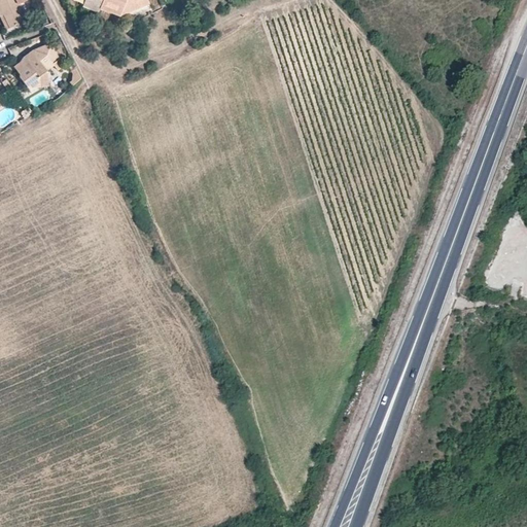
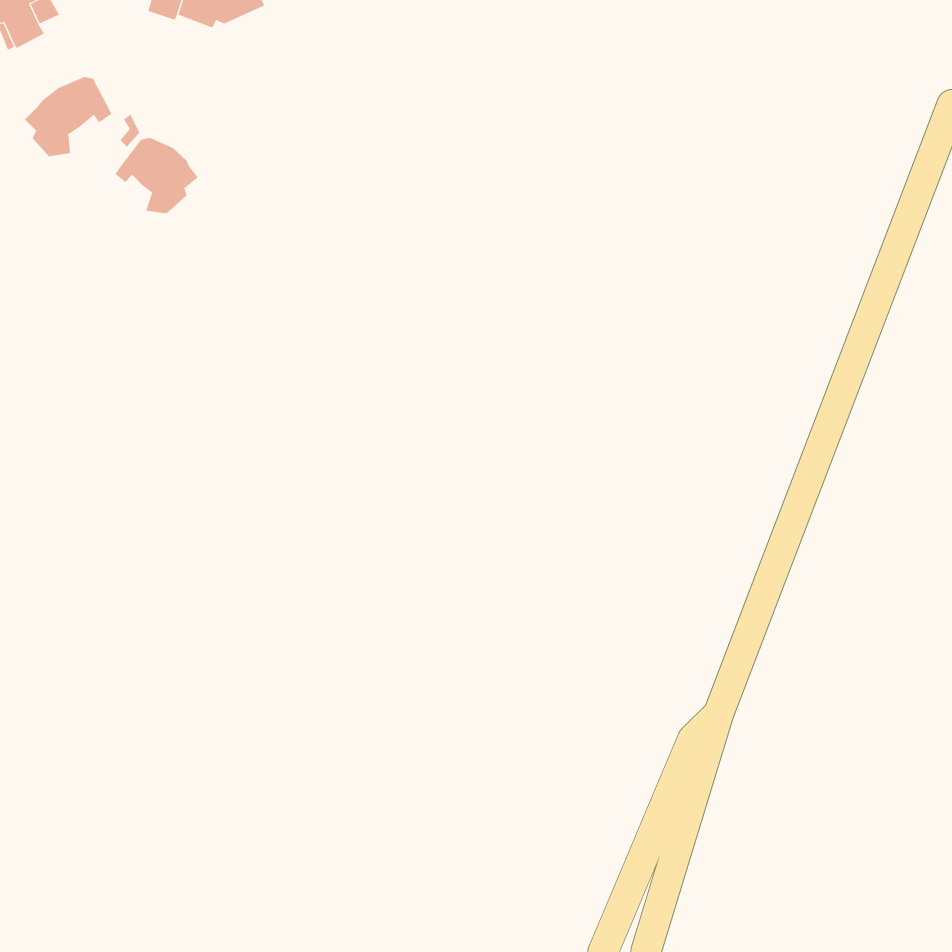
building: none -> [115,137,198,214]

